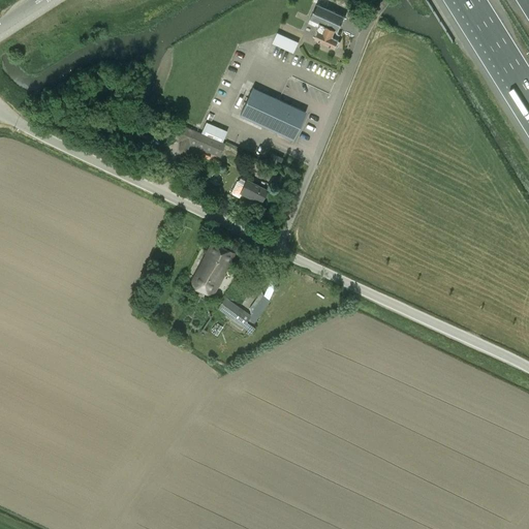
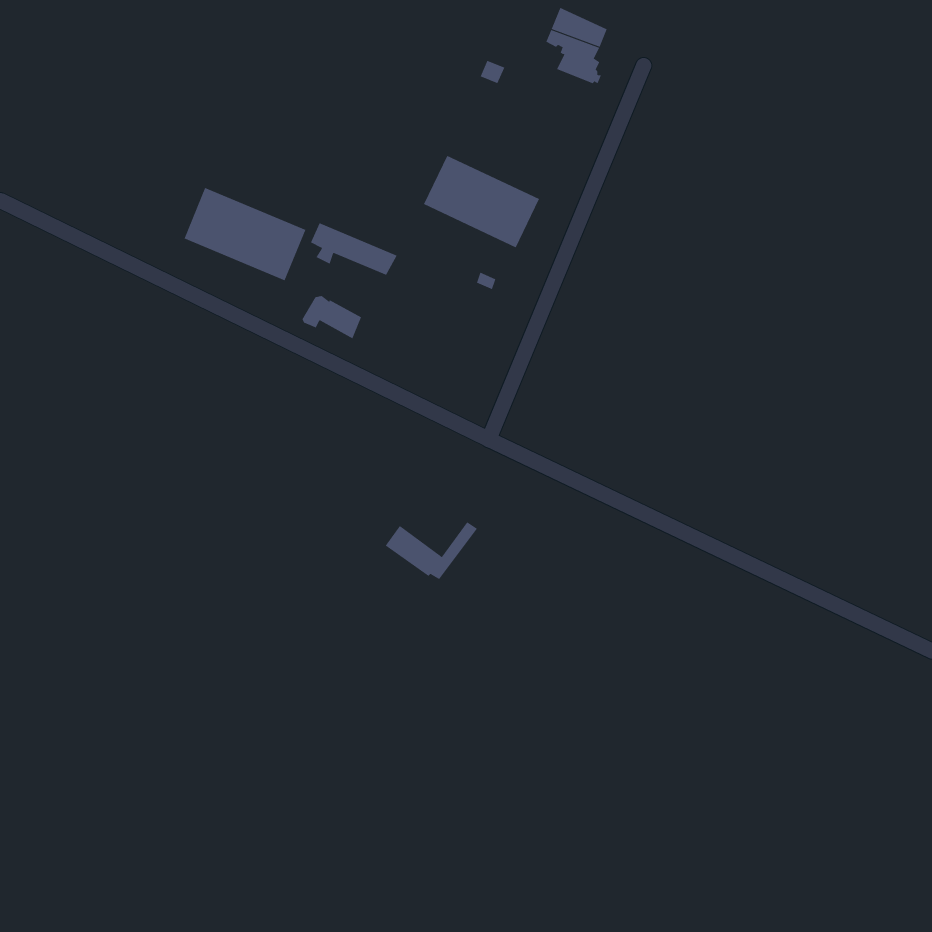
building: none -> [184,187,306,281]
building: [231,179,266,204] -> [302,295,362,339]
building: [191,243,234,294] -> none

